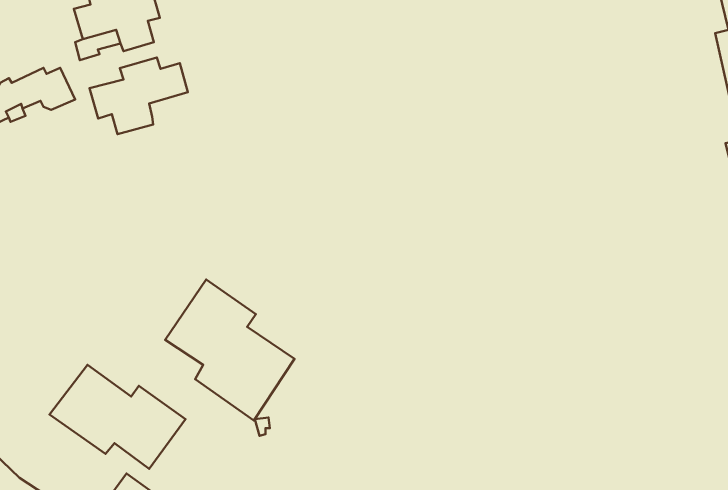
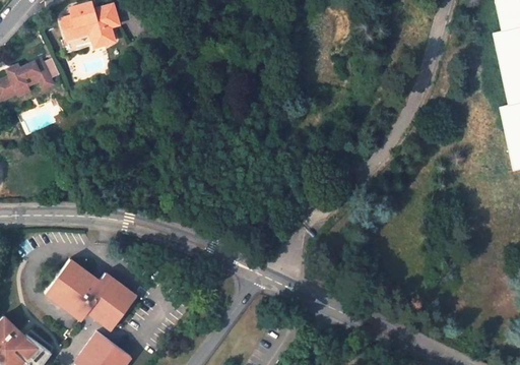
building: [89,58,188,134] -> none
building: [165,280,294,420] -> none

